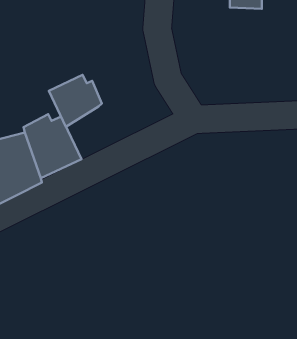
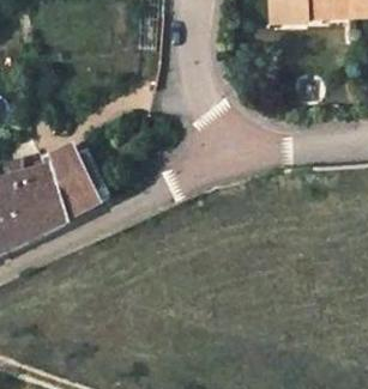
building: [49,75,102,127] -> none

